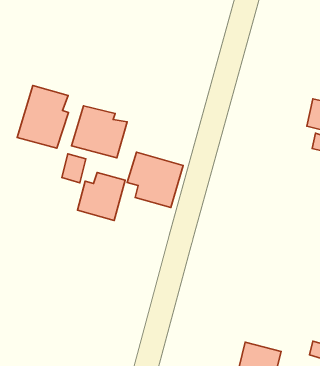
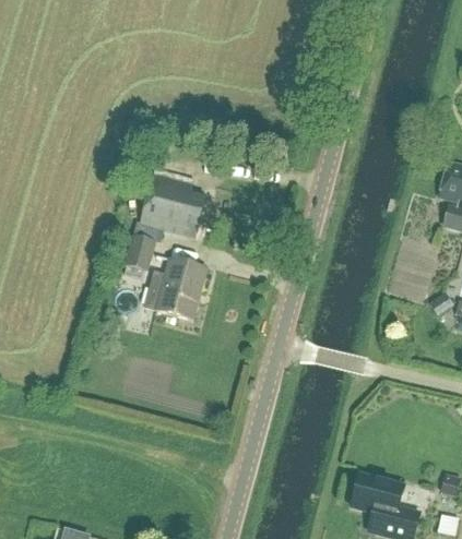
building: [17,85,68,148] -> none
building: [127,152,183,208] -> none

